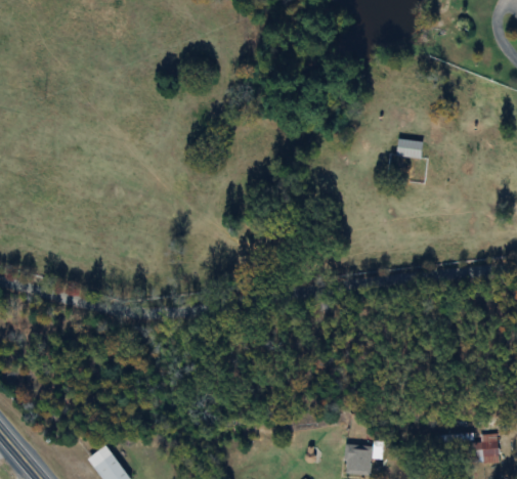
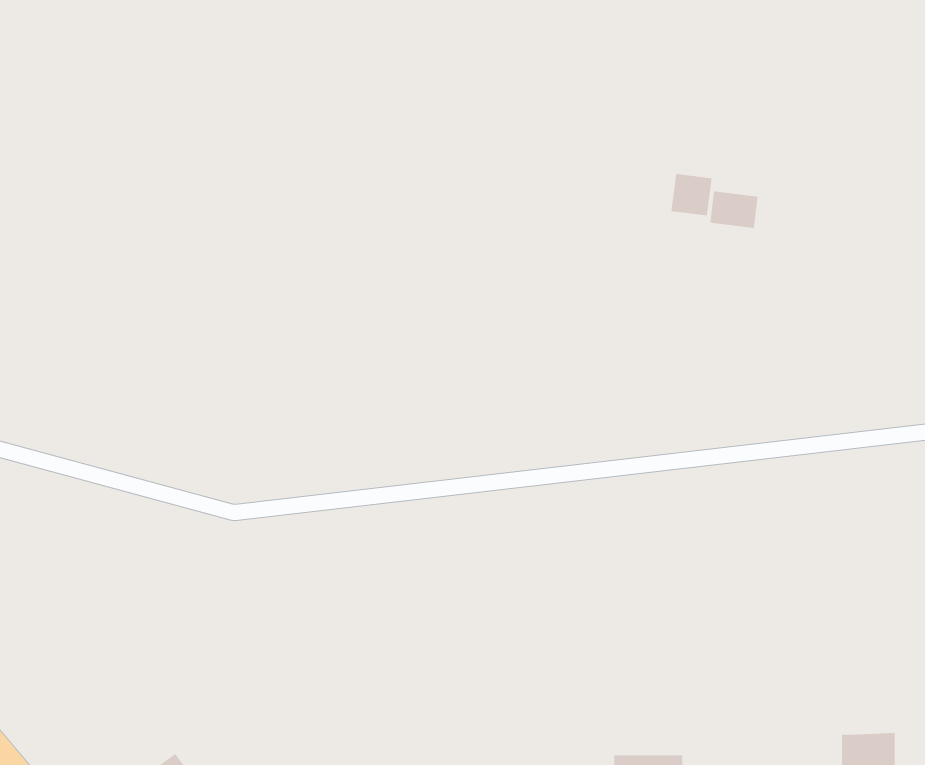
building: none -> [671,173,712,216]

